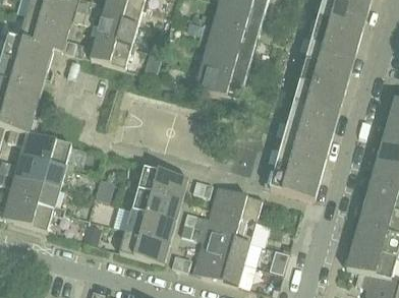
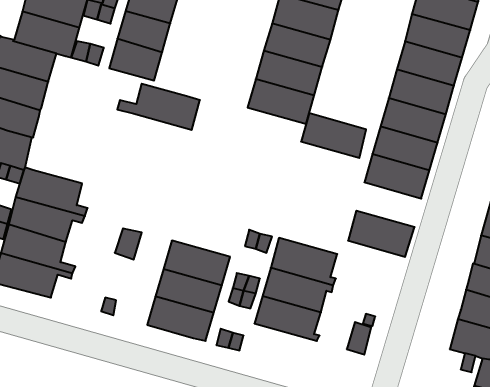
building: [276,143,325,177] -> [301,113,366,158]
building: [125,165,187,199] -> [117,84,200,130]
building: [193,249,246,284] -> none

